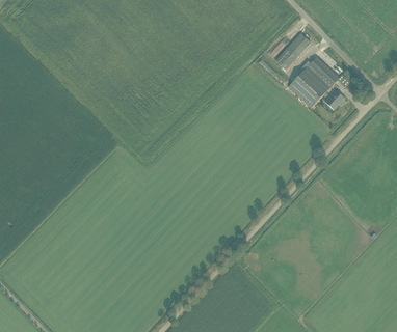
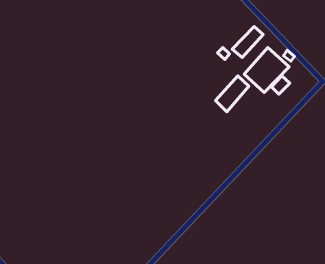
building: none -> [215,76,249,112]

